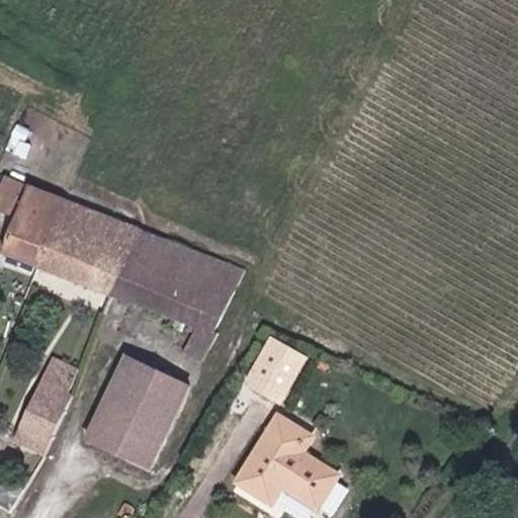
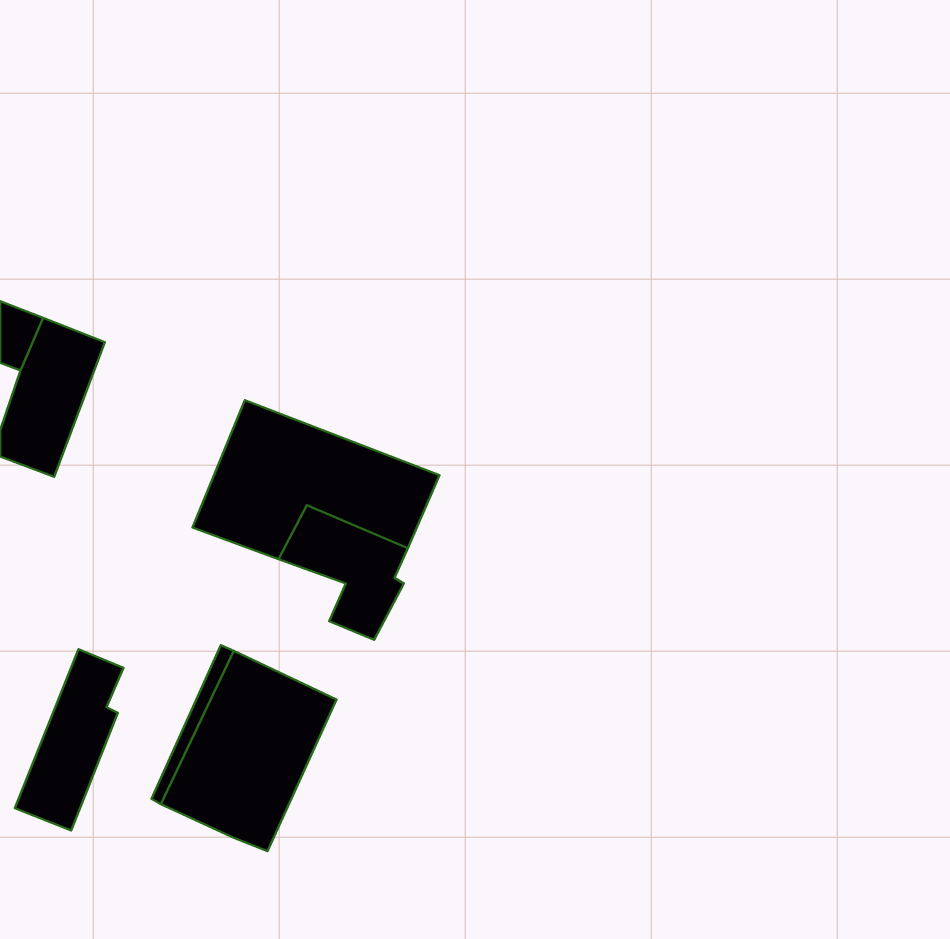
building: [32,194,136,294] -> none
building: [246,336,304,399] -> none
building: [239,419,334,508] -> none

